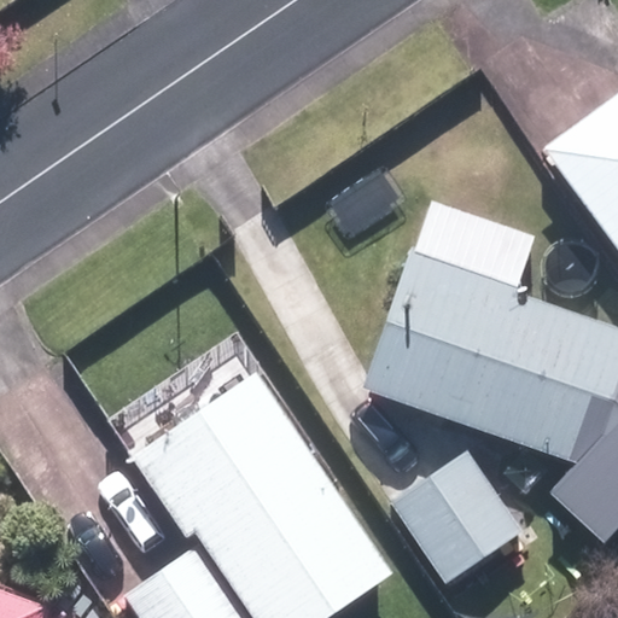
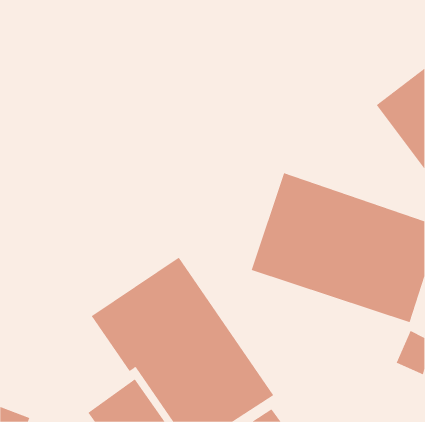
building: [392,449,524,582] -> none

